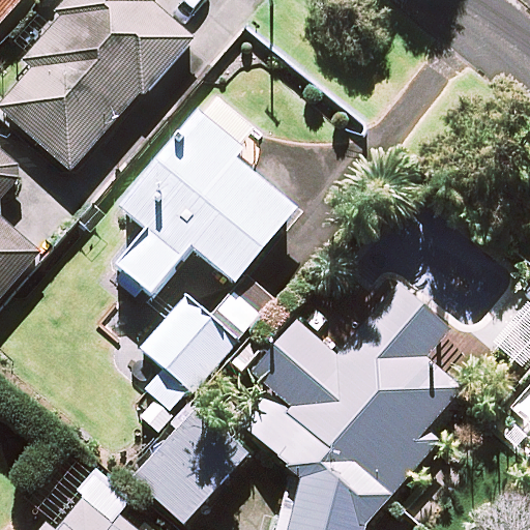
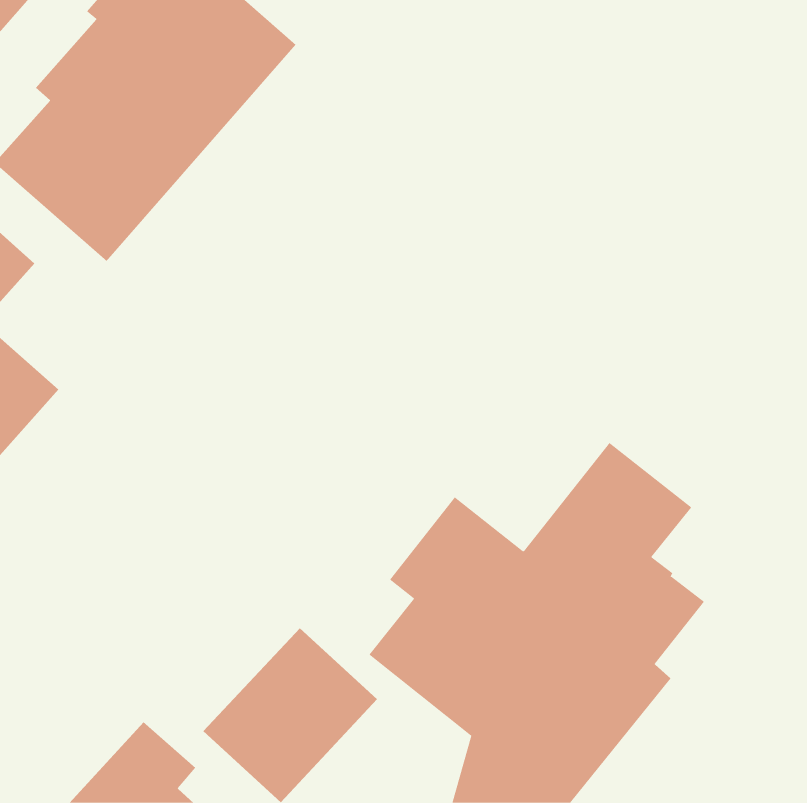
building: [118,97,295,294] -> none
building: [137,296,236,435] -> none

